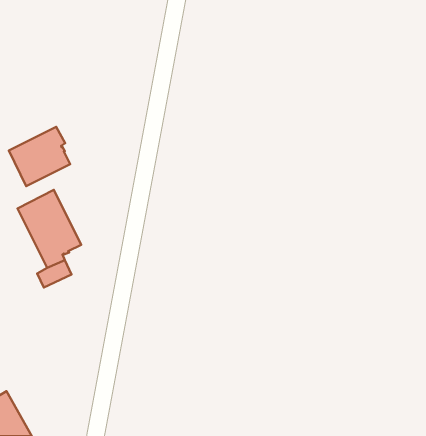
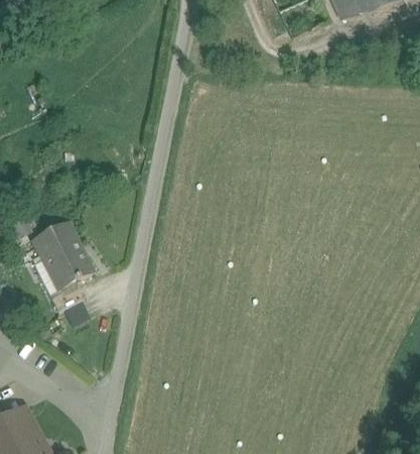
building: [9,127,70,186] -> none

